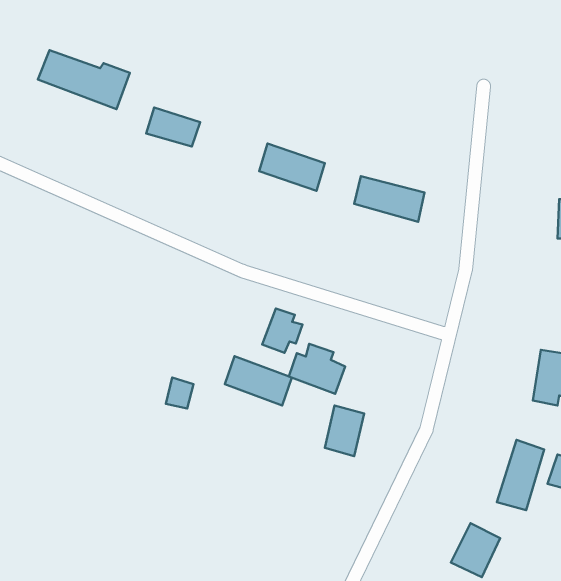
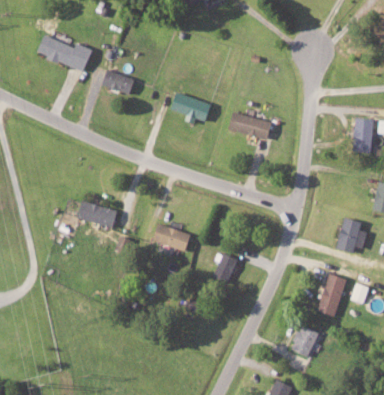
building: [262,308,302,353] -> none
building: none -> [76,200,118,228]
building: [289,344,345,394] -> none

